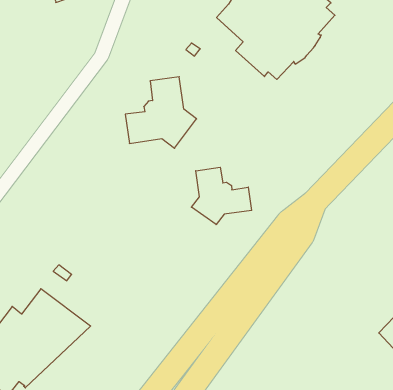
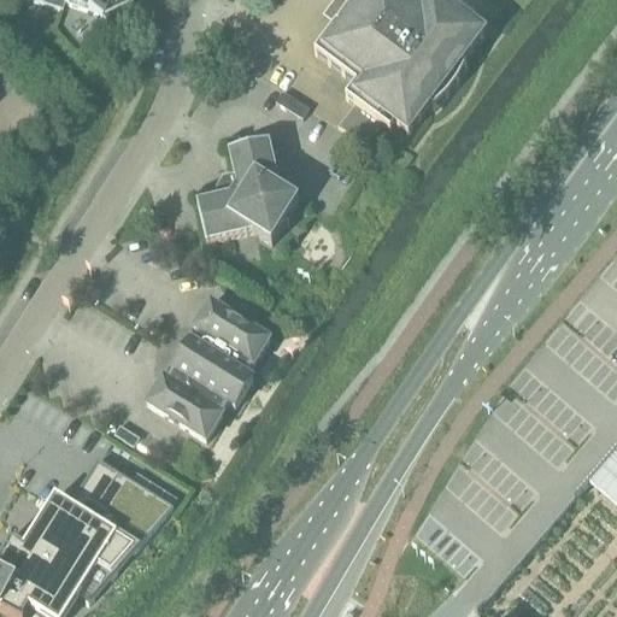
building: [191,167,252,225] -> none
building: none -> [147,296,270,436]

